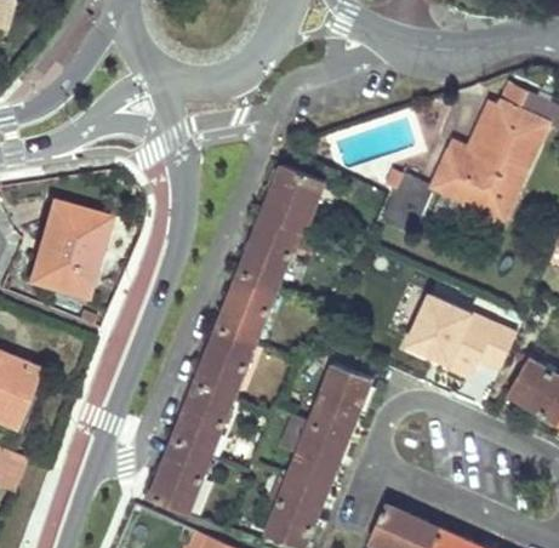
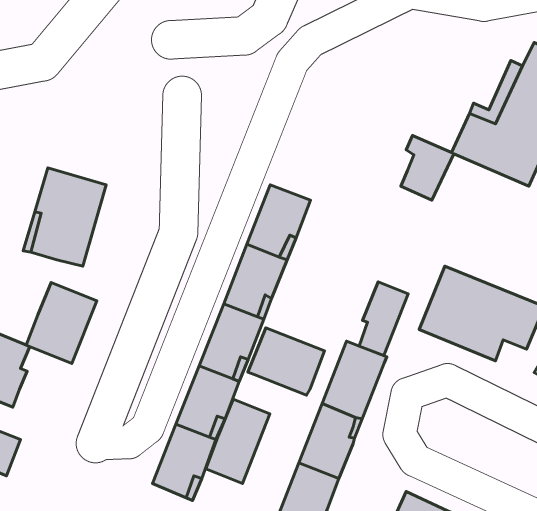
building: [261,165,324,234] -> none
building: none -> [359,282,408,356]
building: none -> [26,282,97,363]
building: none -> [248,328,324,395]
building: none -> [206,399,270,484]

